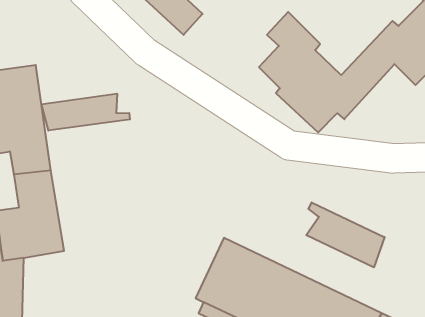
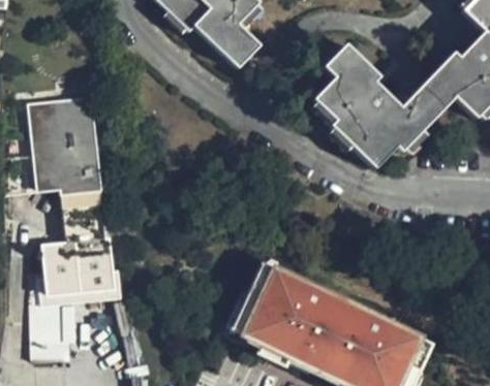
building: [41,94,130,131] -> none
building: [306,202,385,267] -> none
building: none -> [233,264,280,334]

